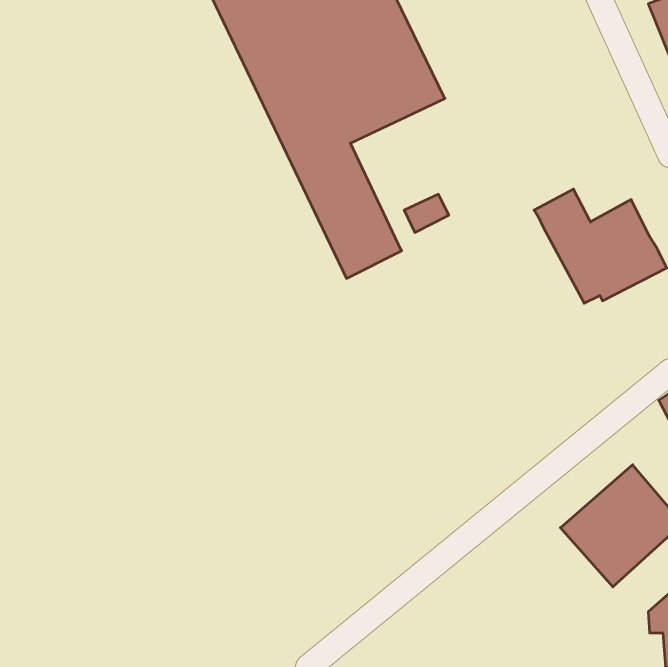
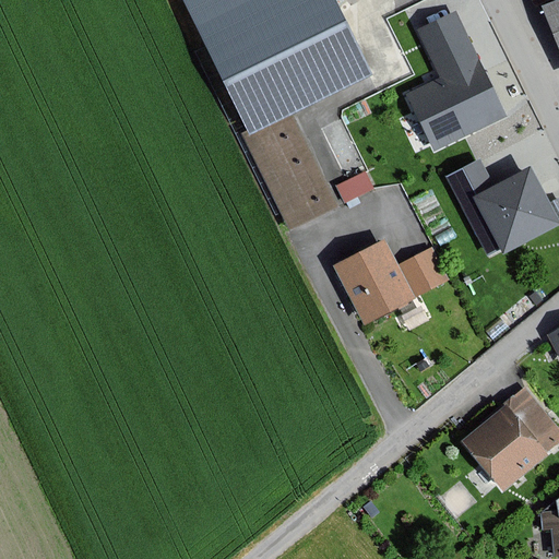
building: none -> [408,12,503,147]
building: none -> [336,240,412,320]
building: none -> [406,248,447,289]

